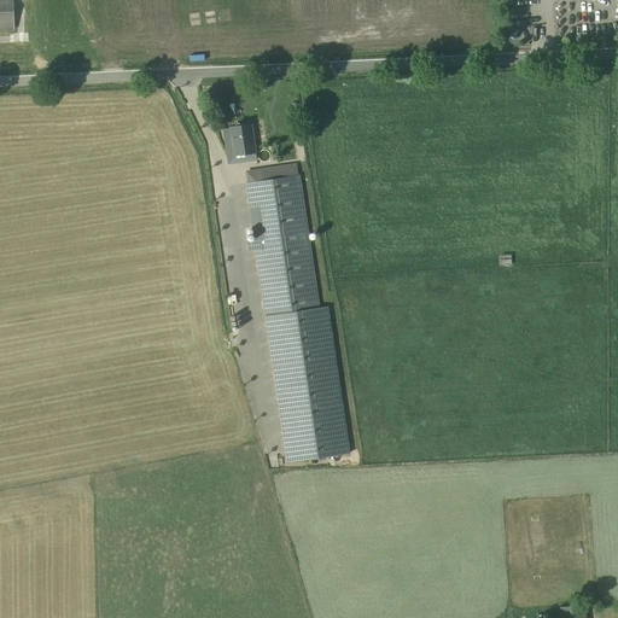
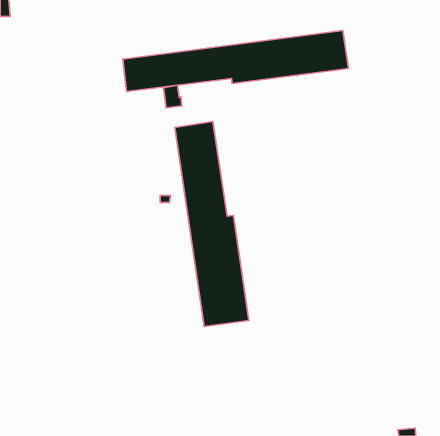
building: none -> [123,31,348,92]

